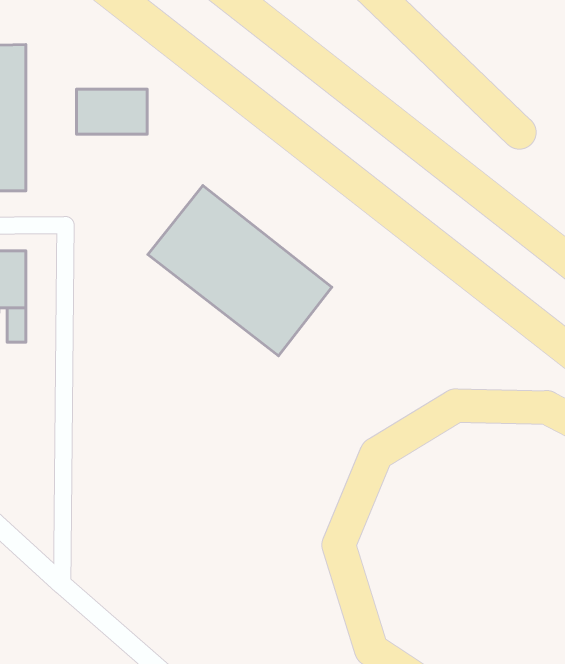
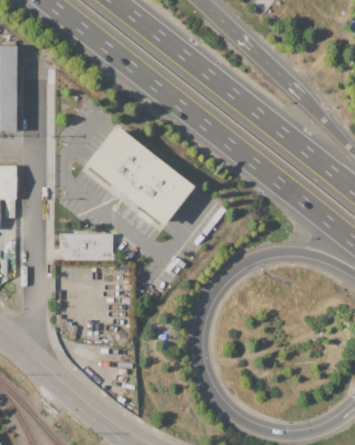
building: [77,89,147,134] -> none
building: none -> [60,234,116,261]

